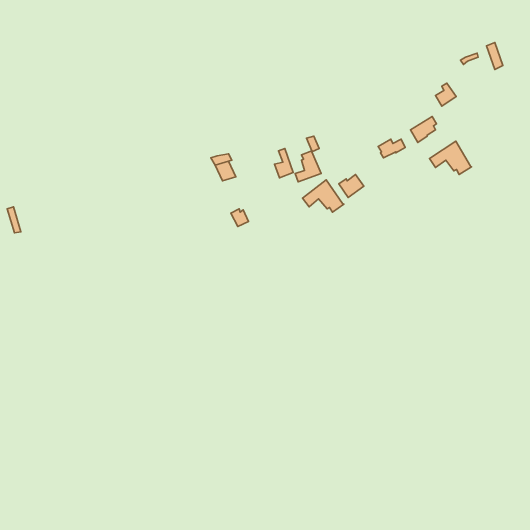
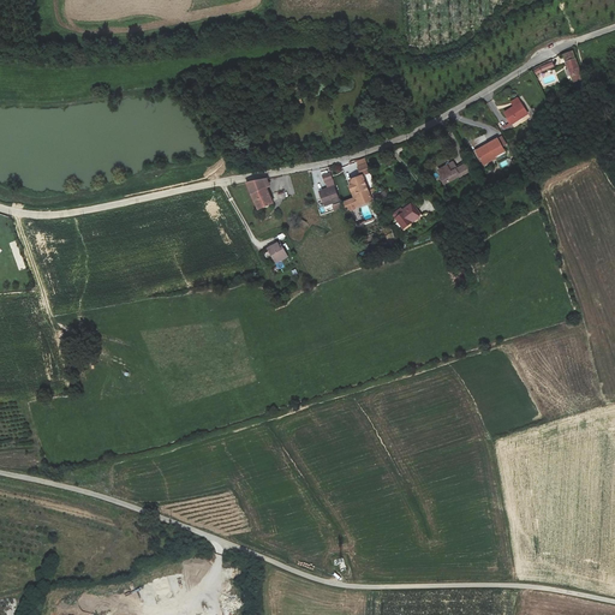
building: [430,141,471,175] -> none
building: [303,180,344,212] -> none

